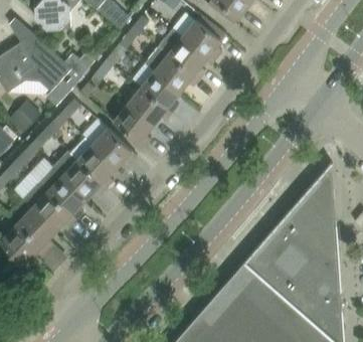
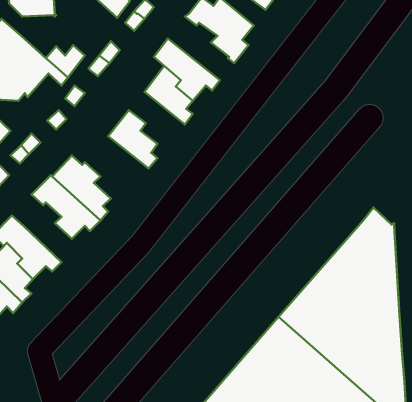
building: [159,28,206,77] -> none
building: [129,87,172,127] -> none
building: [95,127,137,169] -> none
building: [38,166,84,218] -> none

